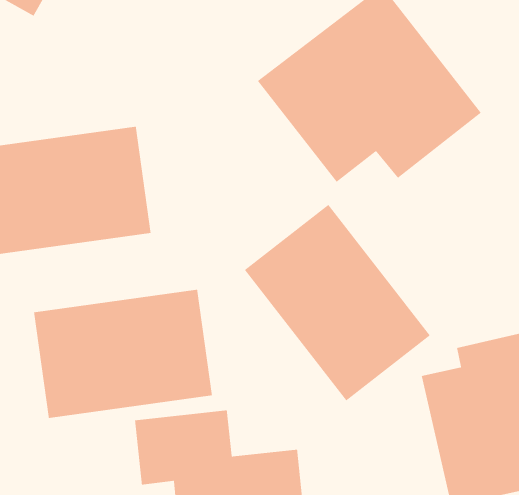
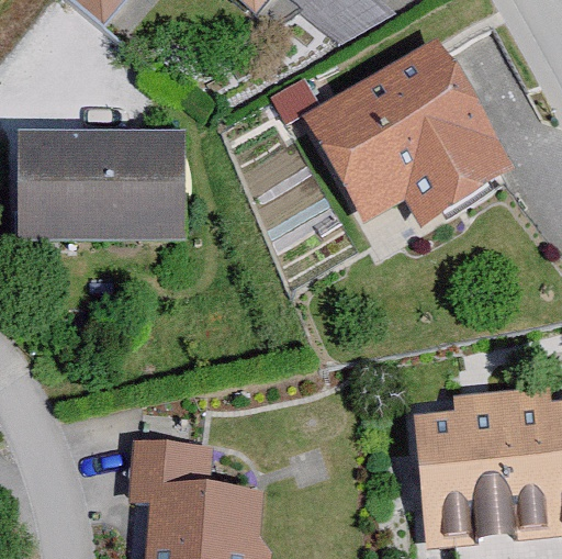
building: [244,204,431,402] -> none
building: [33,289,213,419] -> none

